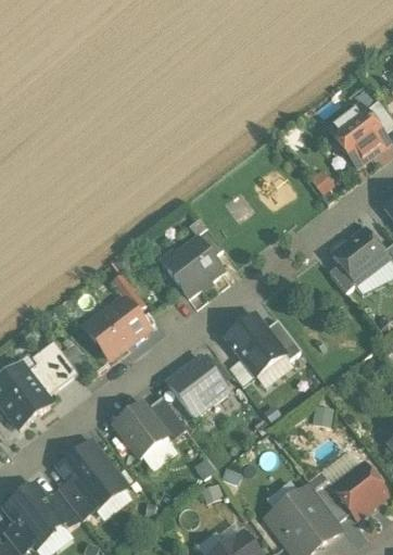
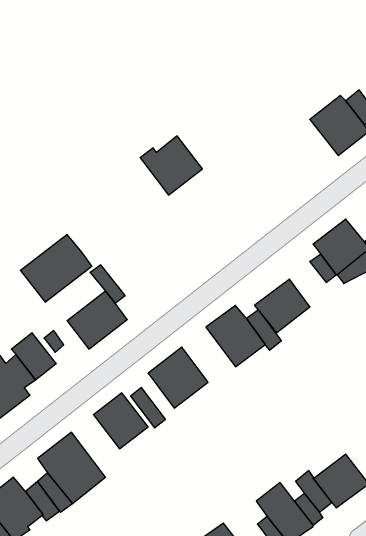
building: [160,237,221,295] -> [140,136,202,195]
building: none -> [21,234,92,302]
building: none -> [255,279,310,333]

